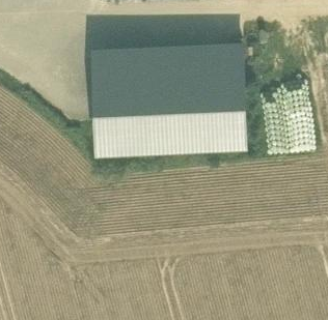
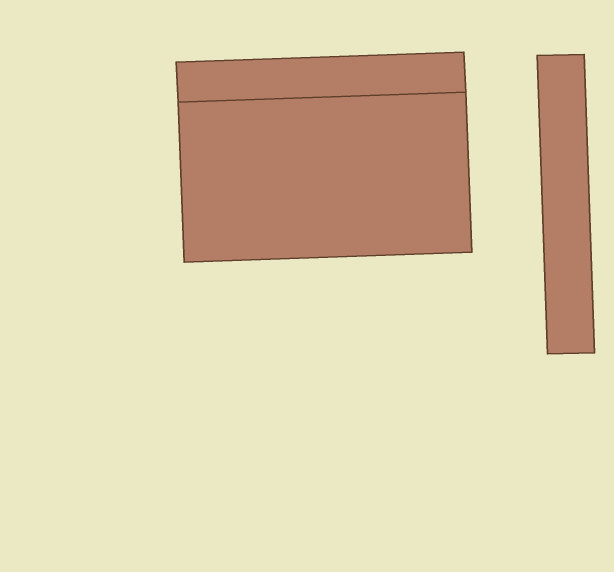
building: none -> [537,55,594,354]

